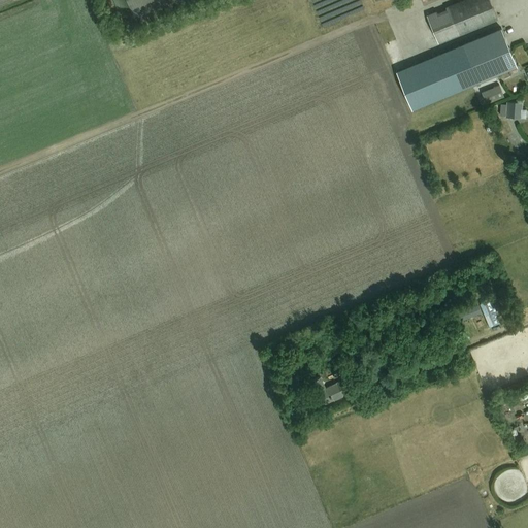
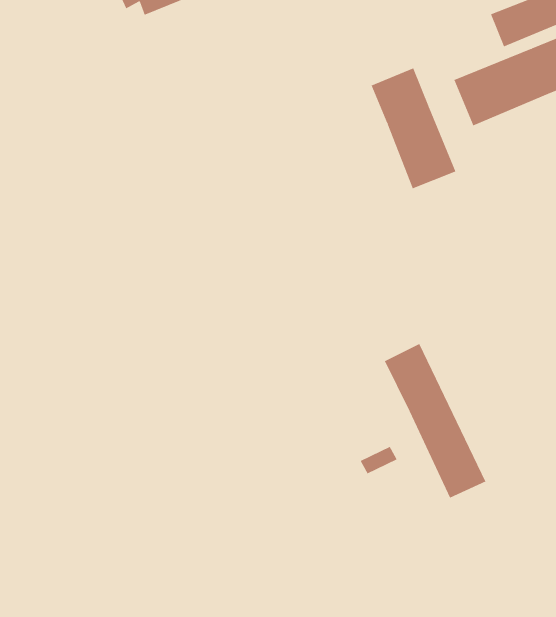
building: none -> [371,67,456,189]
building: none -> [384,343,486,499]

